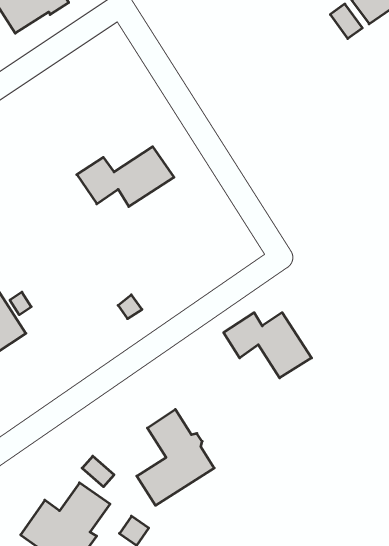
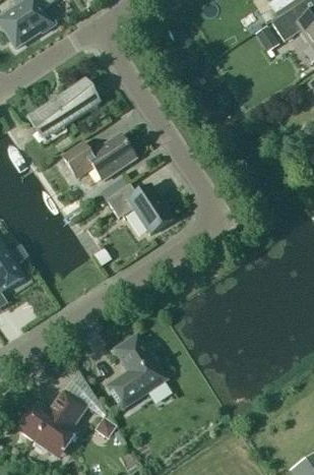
building: none -> [27,79,99,133]
building: [224,313,312,378] -> [106,183,173,233]

